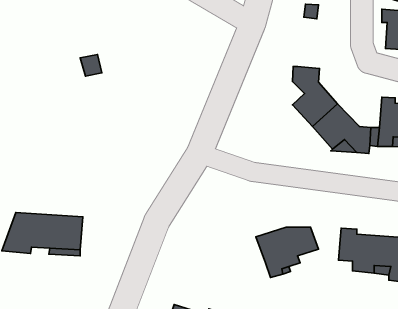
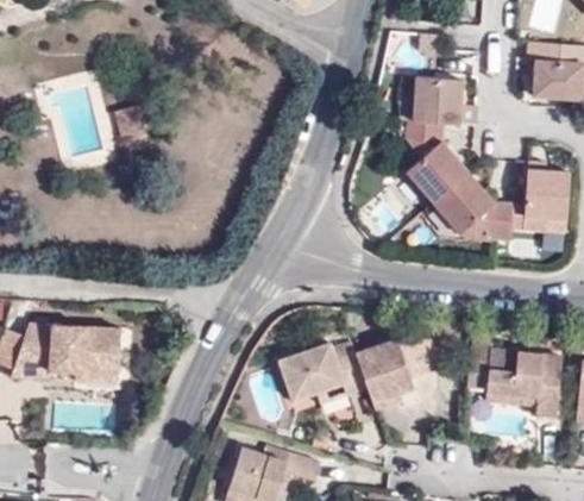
building: none -> [412,79,476,125]
building: none -> [281,343,368,400]

